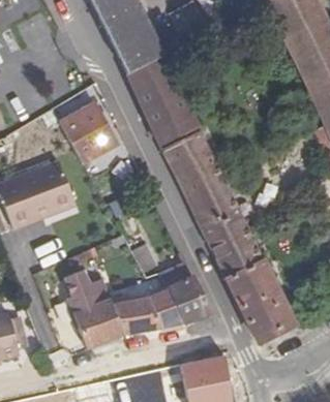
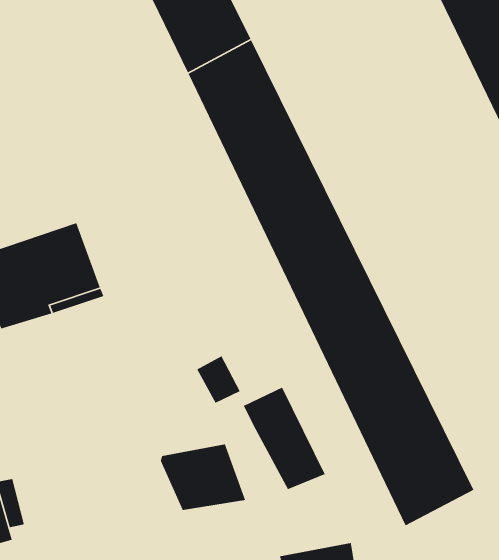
building: [59,102,117,180] -> none
building: [56,255,123,348] -> none
building: [149,286,186,329] -> none

